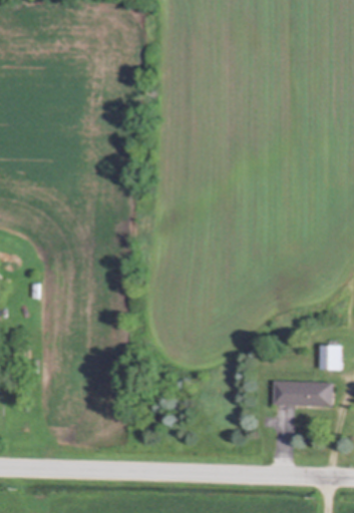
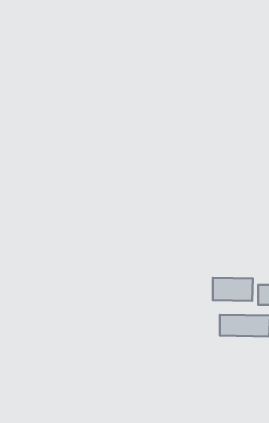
building: none -> [213,278,253,301]

